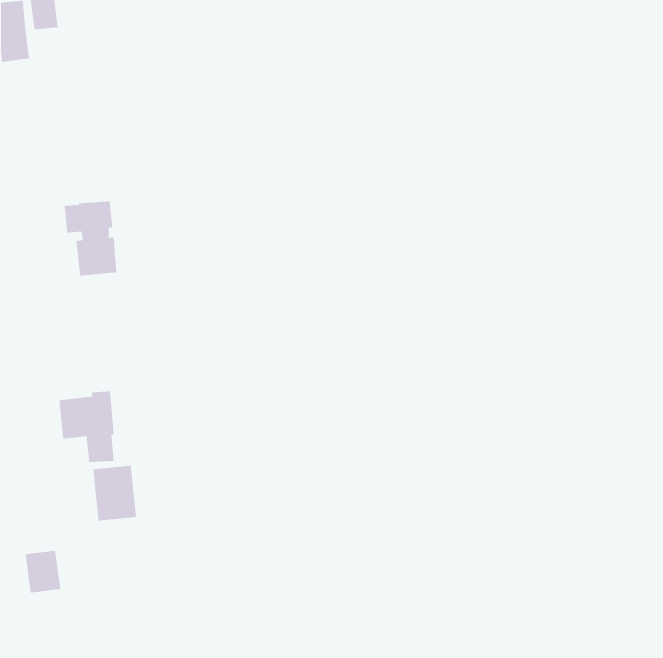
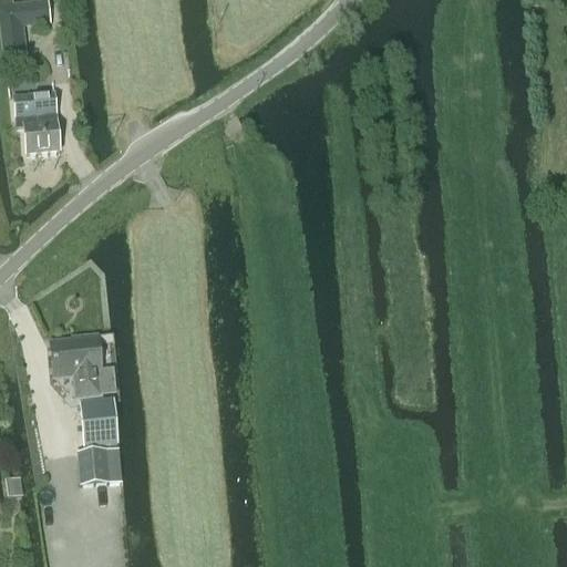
building: [64,201,117,276] -> [13,89,59,153]
building: [25,550,61,593] -> [80,446,111,483]

